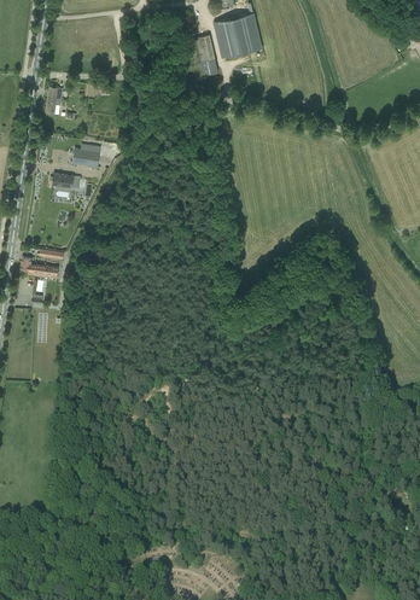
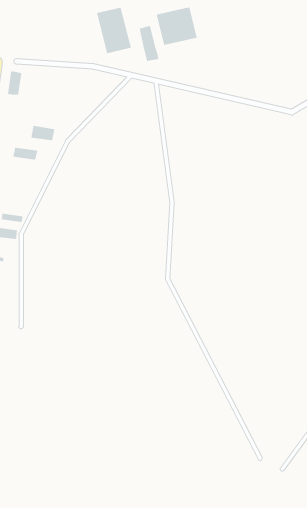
building: none -> [97,7,131,54]

